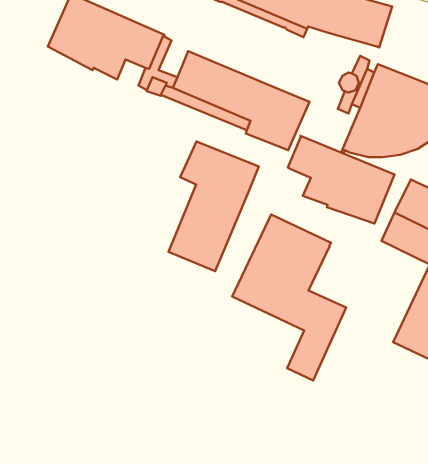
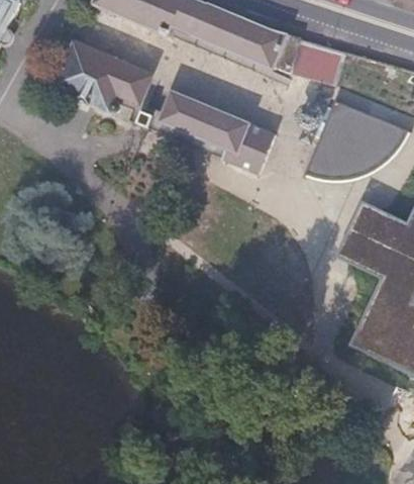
building: [288,136,395,224] -> none
building: [169,142,259,271] -> none
building: [232,214,346,381] -> none

